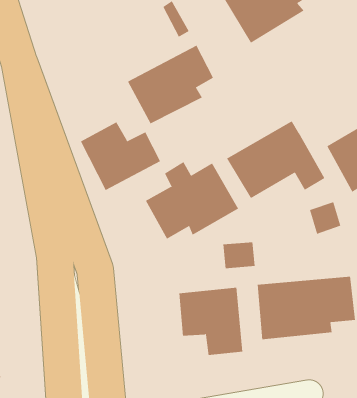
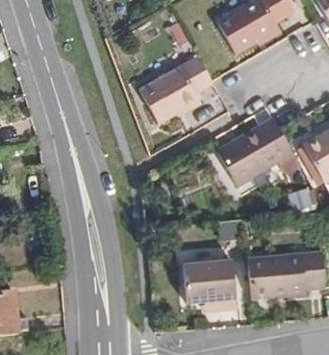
building: [80,122,161,191] -> none
building: [145,161,239,240] -> none

